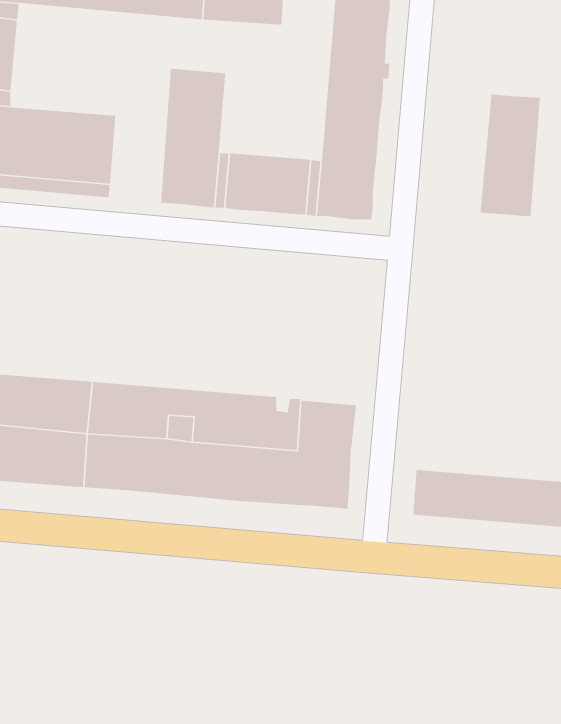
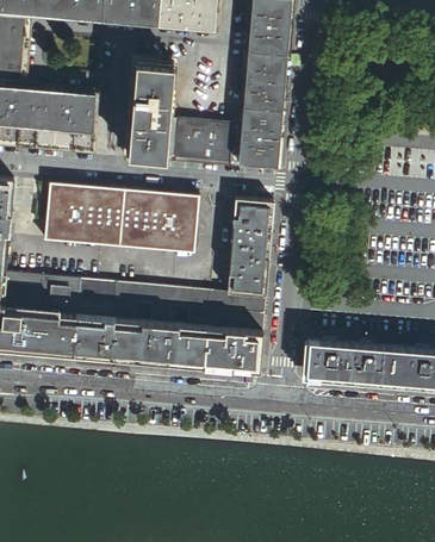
building: [479,93,541,217] -> none
building: none -> [43,181,200,254]
building: none -> [228,200,274,298]

